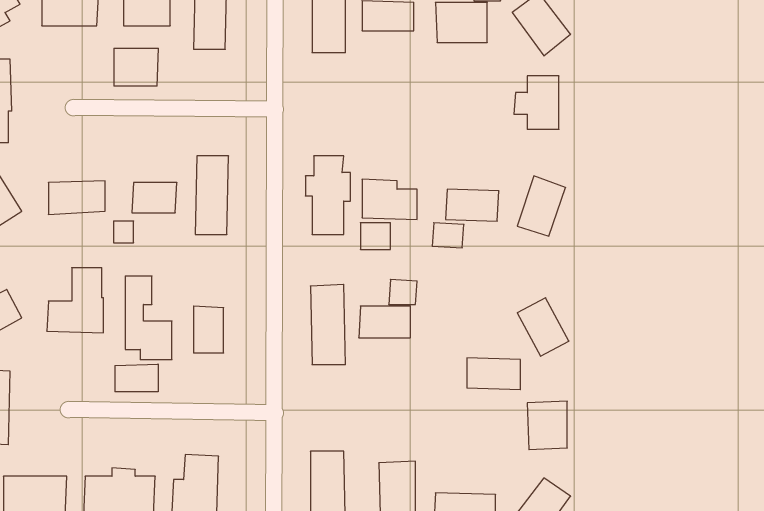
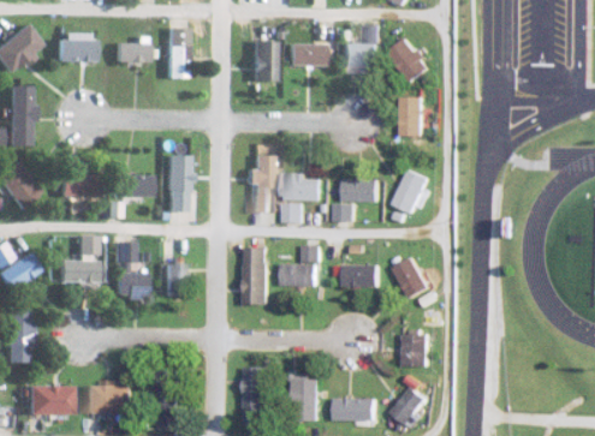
building: [114,48,158,86] -> none
building: [467,358,520,390] -> [346,264,385,287]
building: [115,364,158,392] -> none

